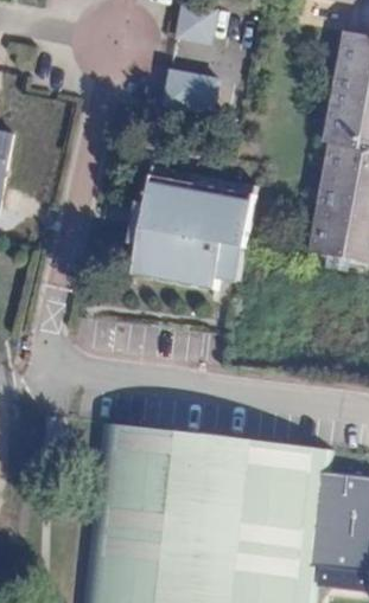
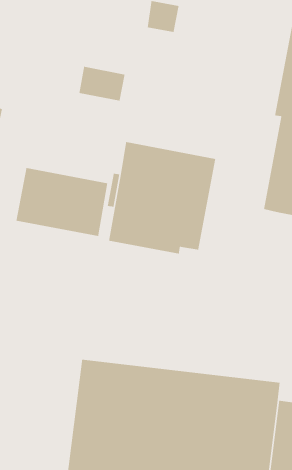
building: [164,75,218,116] -> [78,66,125,102]
building: none -> [15,167,108,237]

